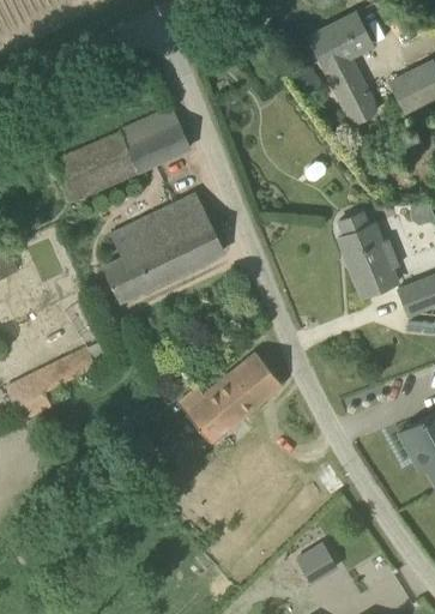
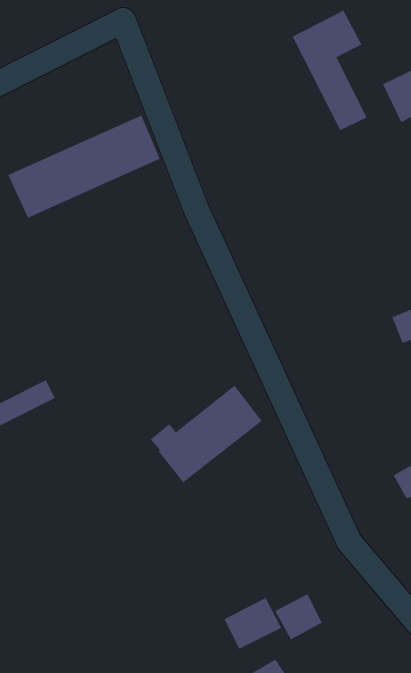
building: [101,193,224,302] -> none
building: [337,212,398,297] -> none
building: none -> [224,597,282,649]

